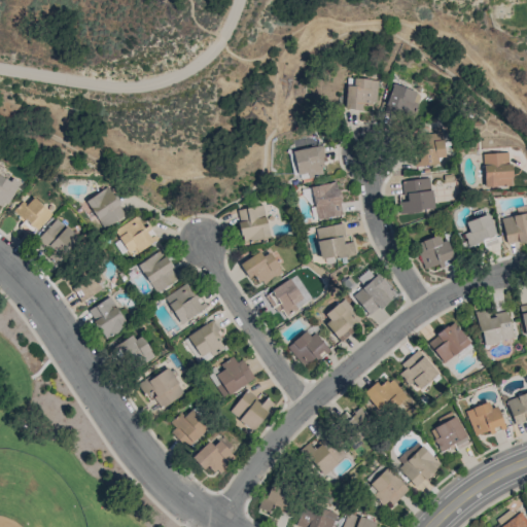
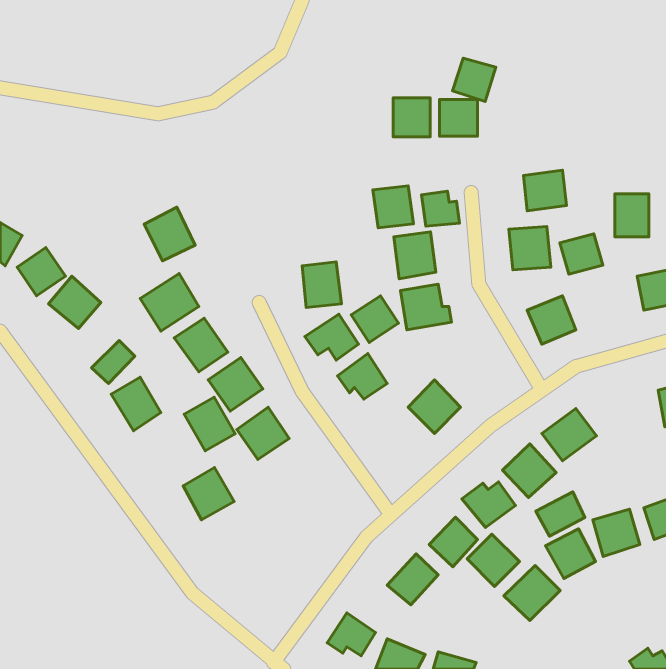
building: none -> [393,98,430,137]
building: [387,83,421,117] -> [453,58,496,101]
building: none -> [421,191,459,226]
building: [87,186,128,229] -> [144,207,195,261]
building: [464,214,498,246] -> [560,234,603,274]
building: none -> [351,296,398,342]
building: [354,273,396,316] -> none
building: [478,309,514,344] -> none
building: [288,327,329,366] -> none
building: [117,331,157,374] -> [184,397,235,451]
building: [211,354,255,397] -> none
building: none -> [536,492,585,536]
building: [233,393,277,430] -> none
building: [169,408,211,448] -> none
building: [196,436,237,471] -> none
building: [368,467,410,508] -> [467,534,519,586]

